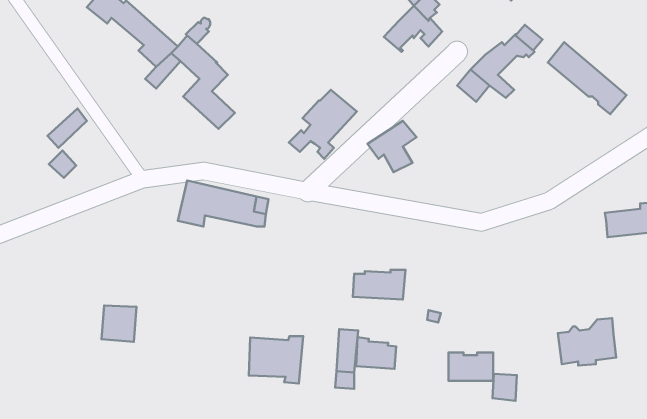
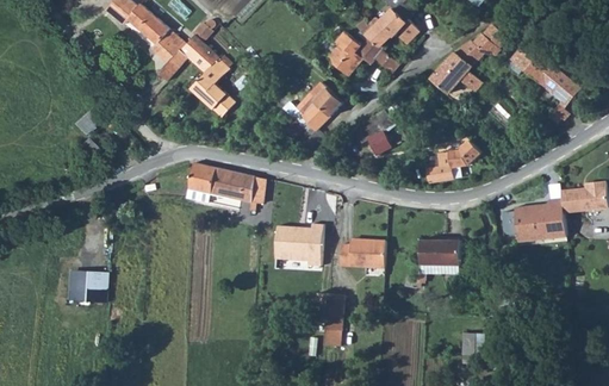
building: none -> [329,31,398,76]
building: none -> [425,139,481,182]
building: [101,305,137,342] -> [76,270,107,303]
building: [558,318,616,366] -> [514,198,565,239]
building: [249,336,303,384] -> [275,224,323,266]
building: [356,337,396,369] -> none
building: [449,352,493,381] -> [420,239,459,264]

